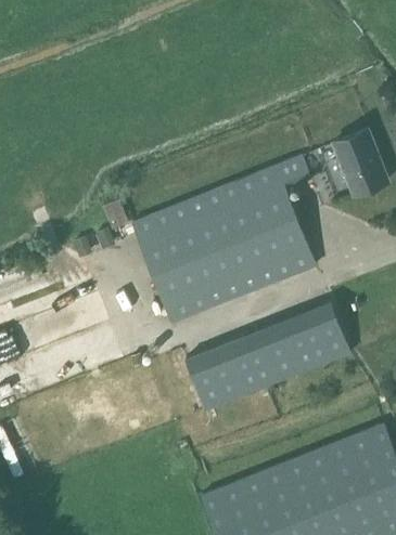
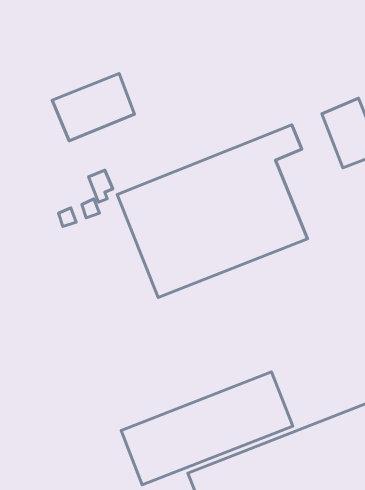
building: none -> [52,74,134,141]
building: [183,301,352,412] -> [121,372,293,485]

